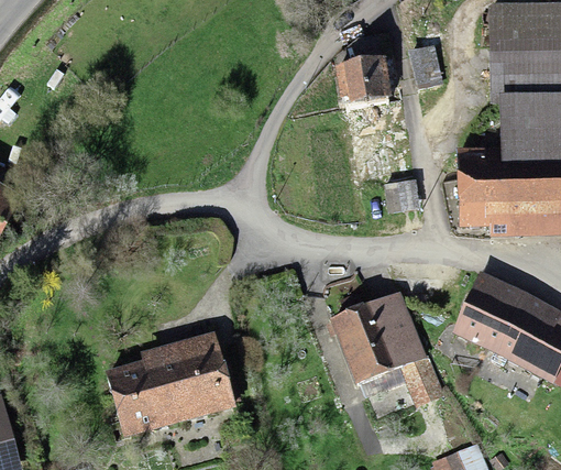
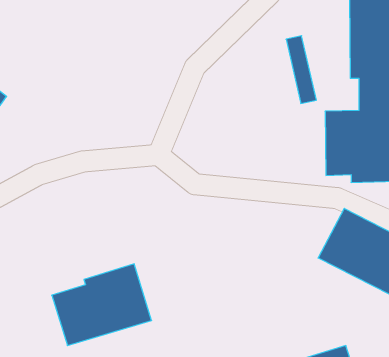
building: [334,52,400,100] -> none
building: [383,175,420,209] -> none
building: [337,299,436,416] -> none

